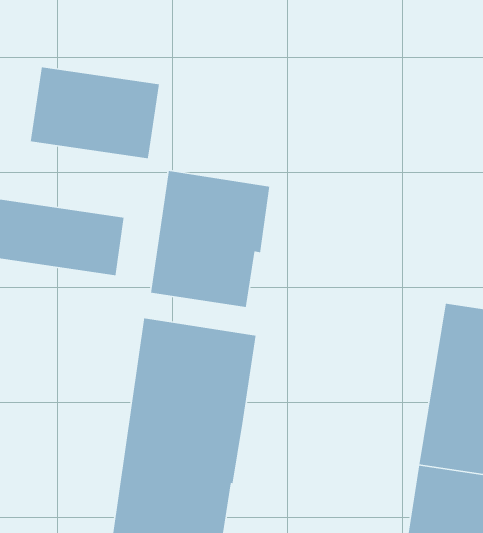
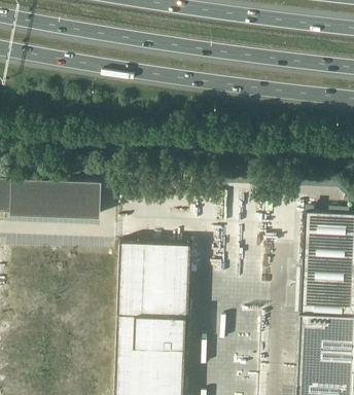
building: [30,66,160,159] -> none
building: [150,170,270,308] -> none

